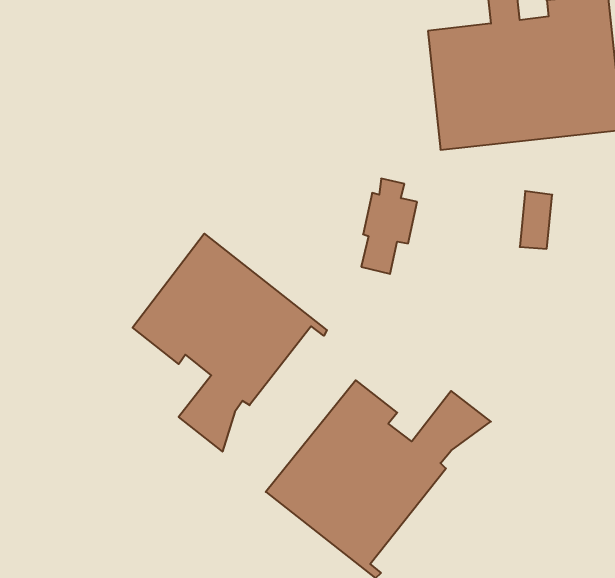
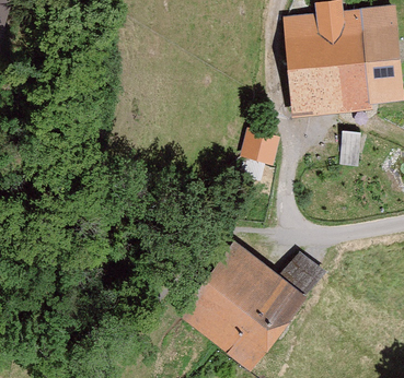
building: [133,234,327,452] -> none

